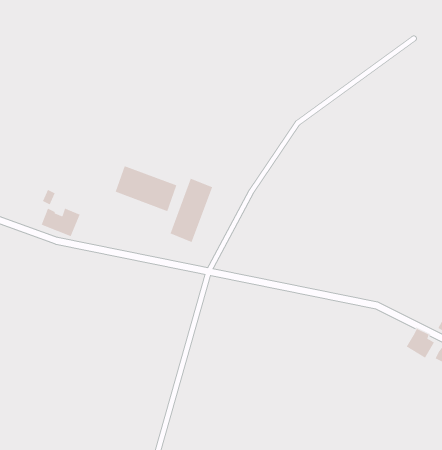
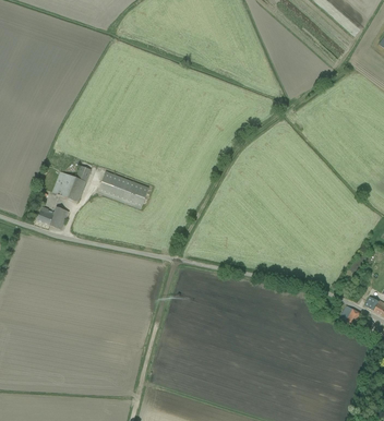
building: none -> [52,165,92,201]
building: [170,178,213,243] -> none

